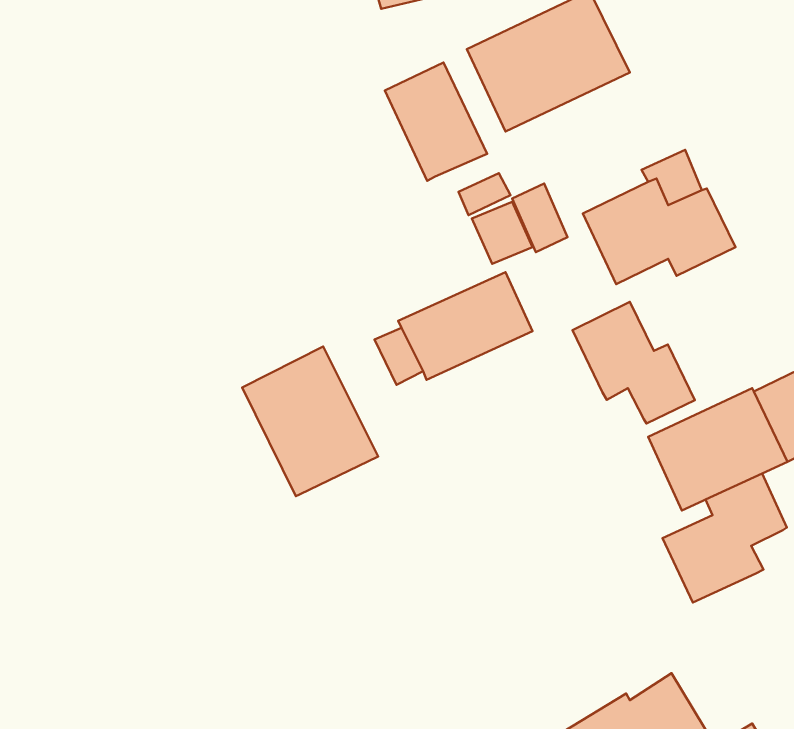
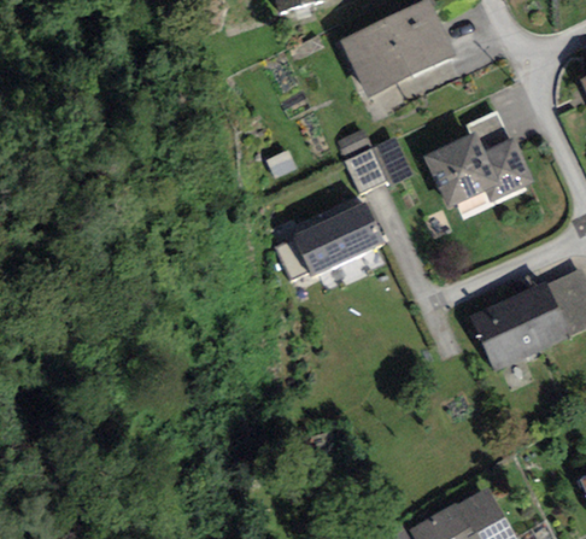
building: [385,63,487,181] -> none
building: [572,302,695,424] -> none
building: [242,347,378,496] -> none
building: [662,474,787,602] -> none

